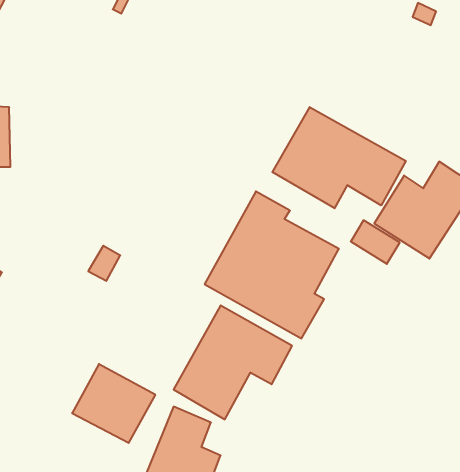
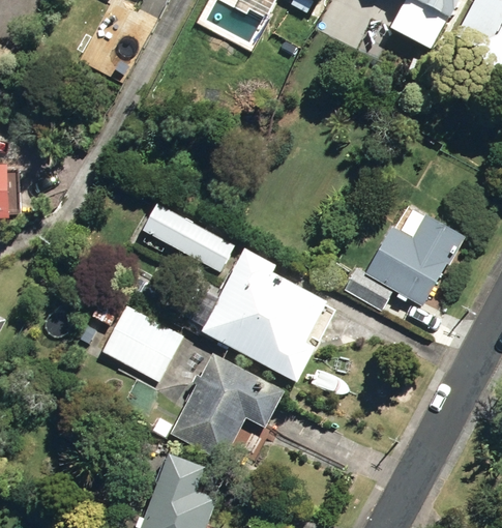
building: [272,107,406,208] -> none
building: none -> [144,203,234,272]
building: [72,364,155,443] -> [100,306,181,383]

